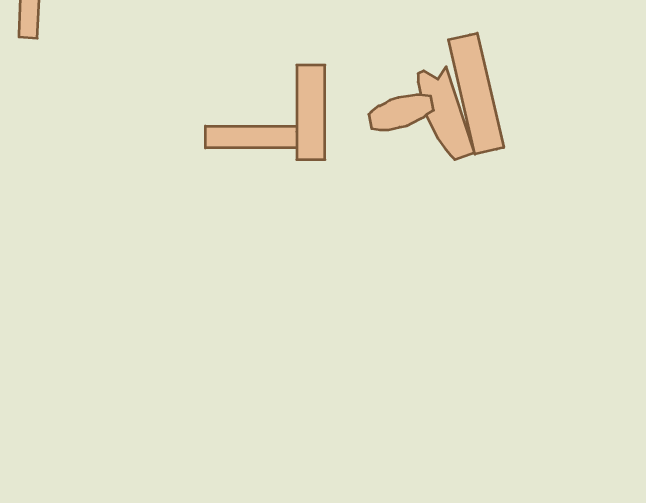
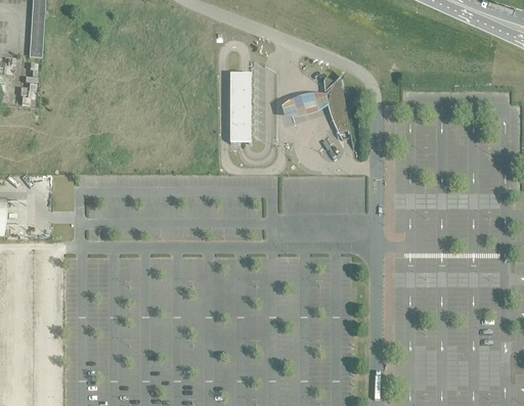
building: [448,33,504,154] -> none
building: [205,126,297,148] -> none

